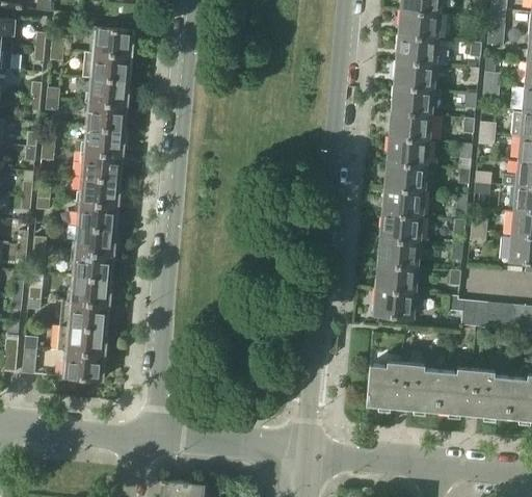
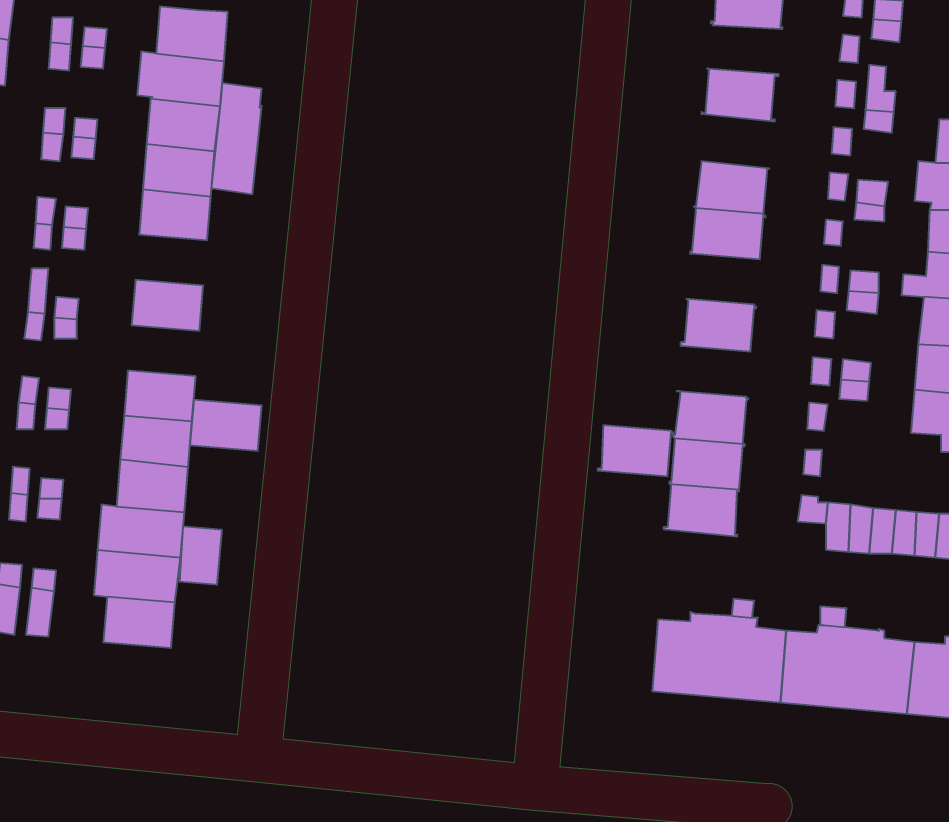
building: [396,37,448,66] -> none
building: none -> [212,83,262,194]
building: [391,86,433,116] -> none
building: [81,153,121,181] -> none
building: [384,163,426,191] -> none
building: [77,203,116,231] -> [190,400,262,451]
building: [379,214,421,242] -> [598,425,673,476]
building: none -> [180,526,222,585]

